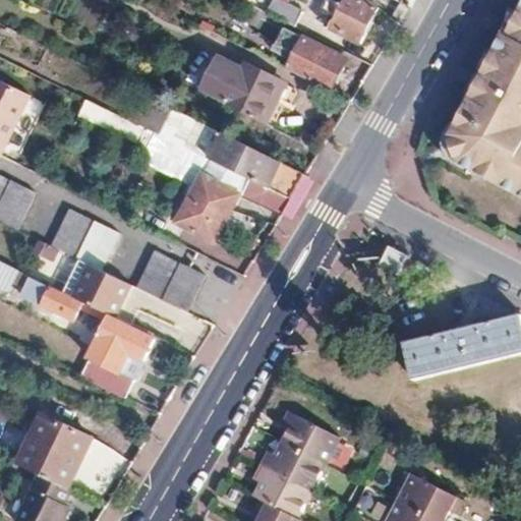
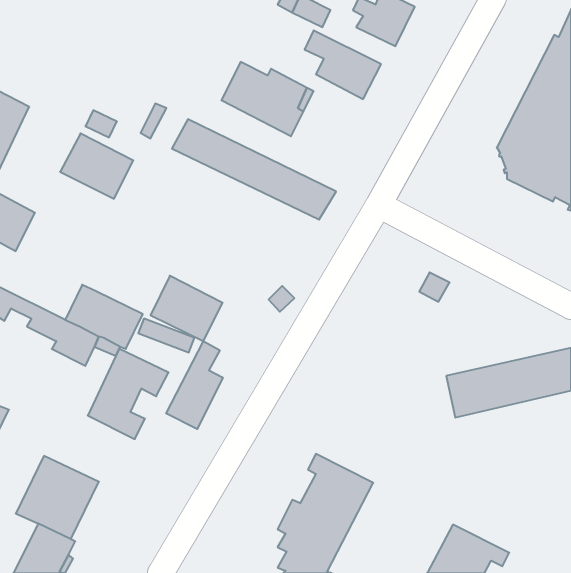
building: [175,174,237,240] -> none
building: [51,209,117,268] -> [60,133,133,199]
building: none -> [166,341,223,429]

